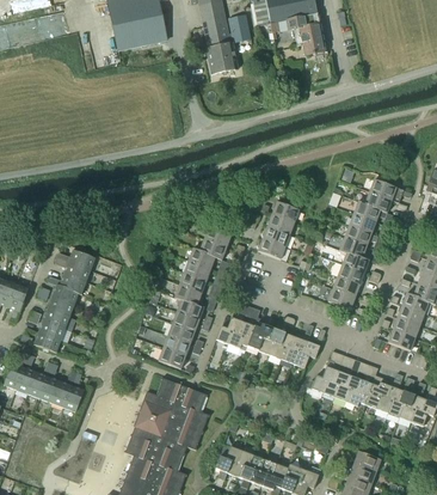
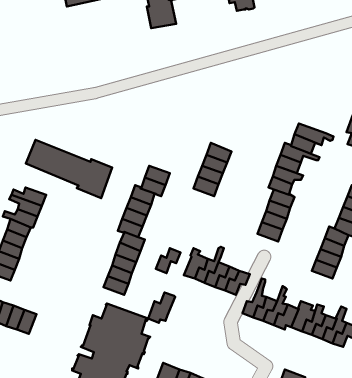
building: none -> [26,140,112,198]
building: [226,322,256,355] -> [148,293,175,323]

